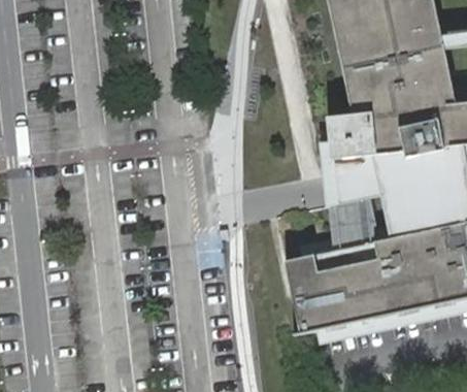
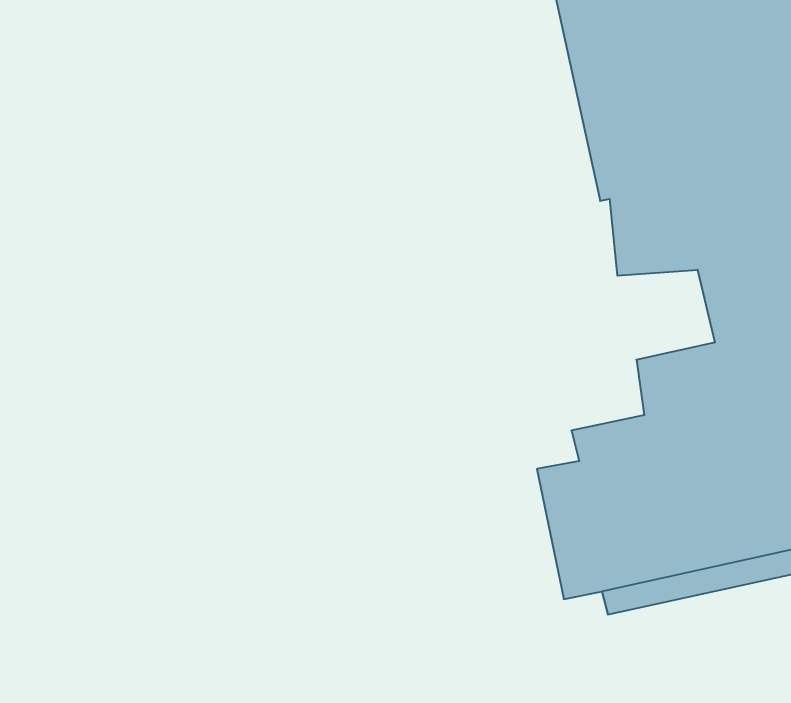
building: [336,150,394,200] -> none

